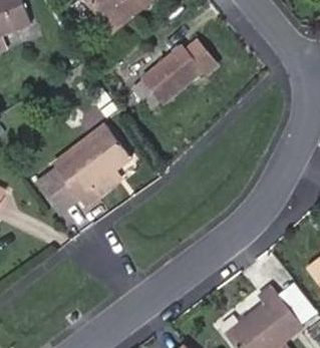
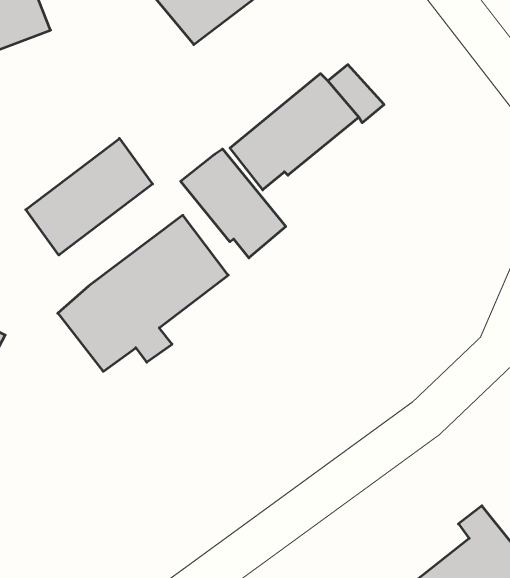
building: none -> [26,138,153,255]
building: none -> [181,149,286,258]

